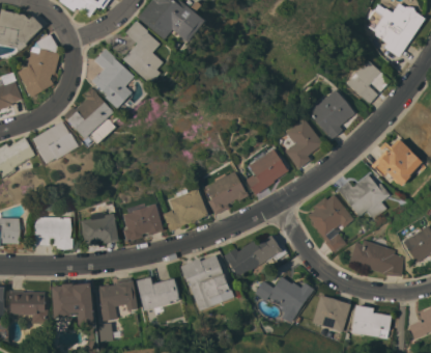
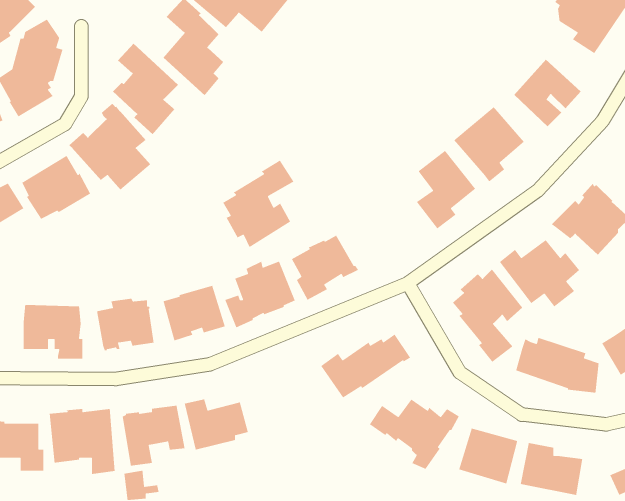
building: none -> [222,159,295,248]
building: [246,147,288,194] -> none
building: [180,254,234,310] -> none

